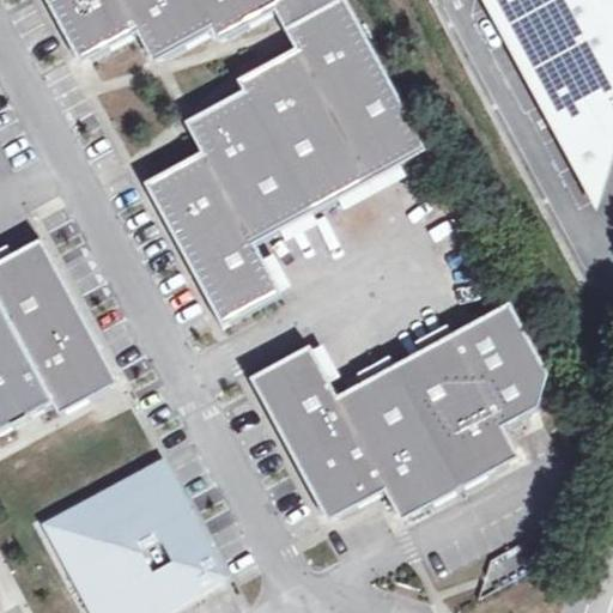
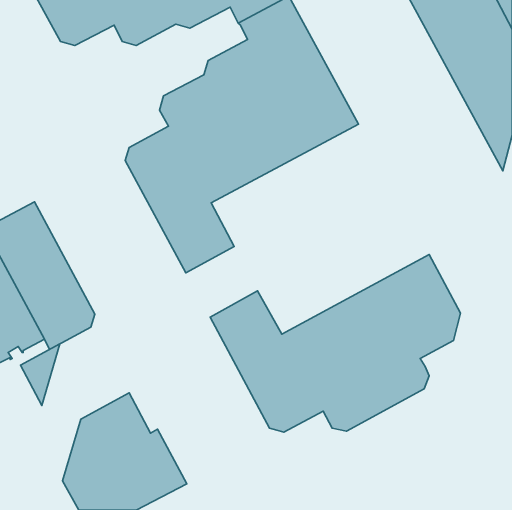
building: [49,497,96,570] -> [21,344,60,405]

